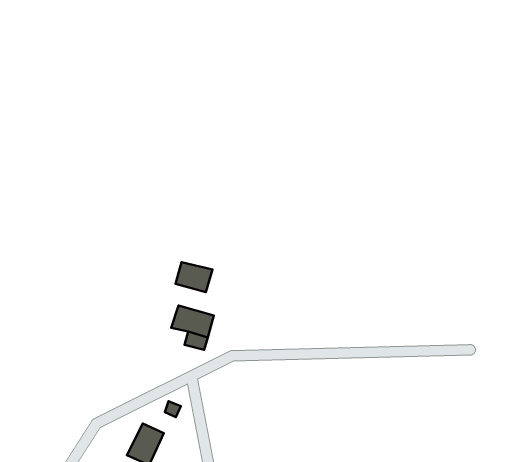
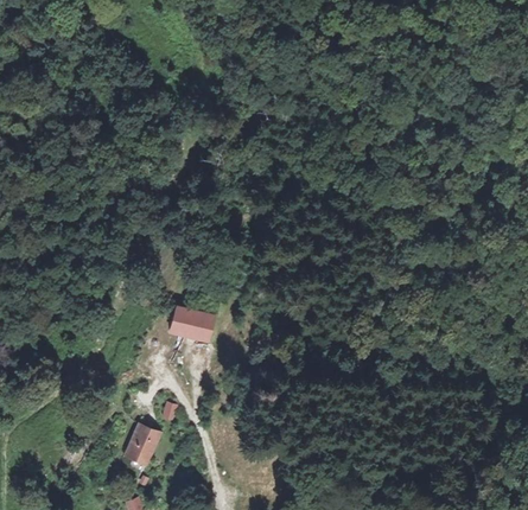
building: [176,262,212,292] -> none

